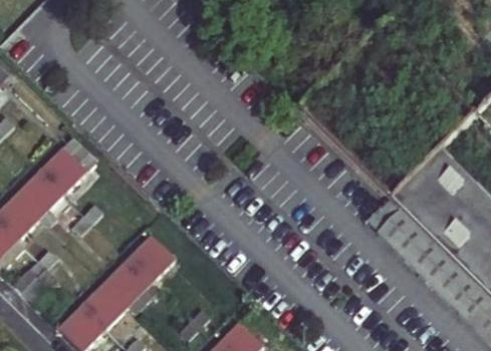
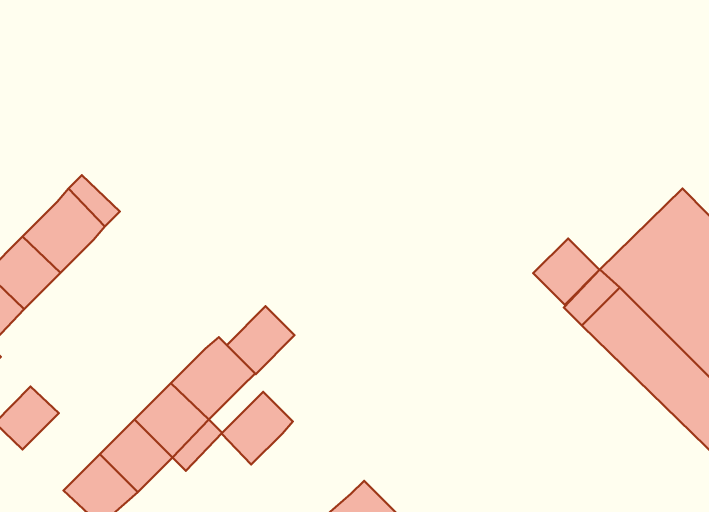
building: none -> [533,238,599,305]
building: none -> [227,306,295,374]
building: none -> [222,392,293,465]

